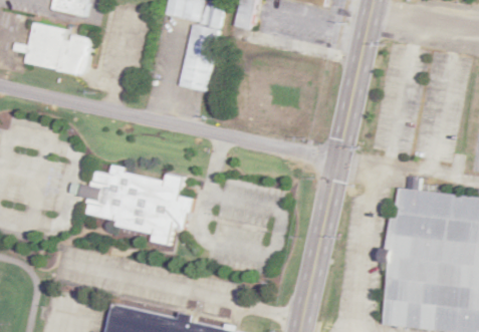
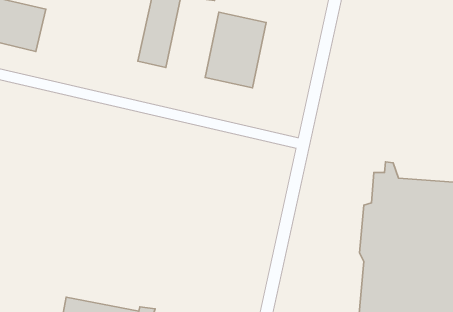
building: none -> [205,12,266,88]
building: [70,165,194,245] -> none

